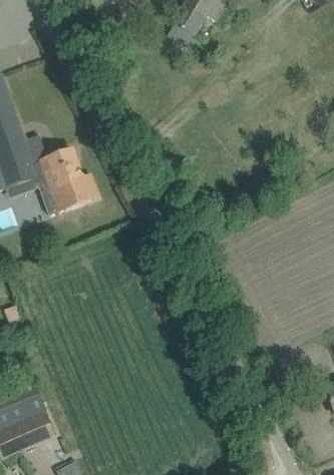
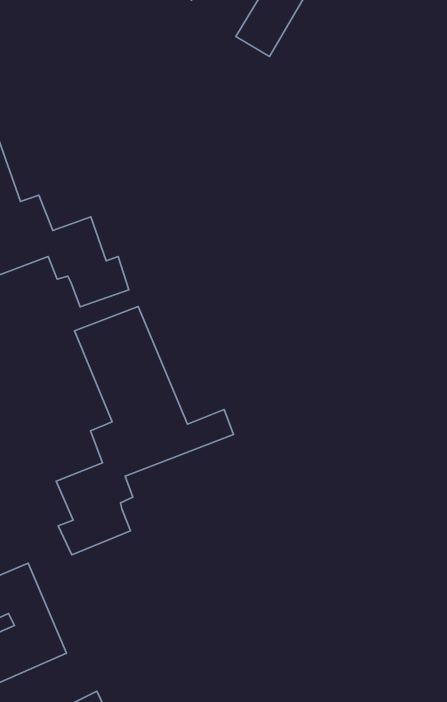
building: none -> [56,306,234,555]

